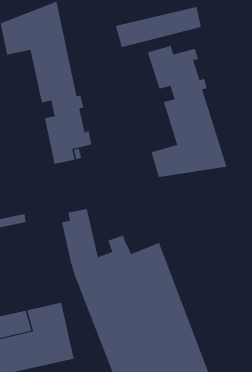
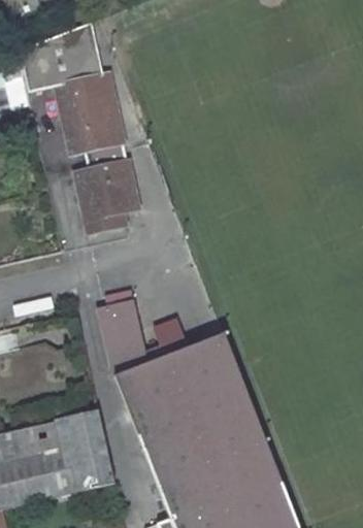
building: [115,6,201,48] -> none
building: [147,45,227,178] -> none

